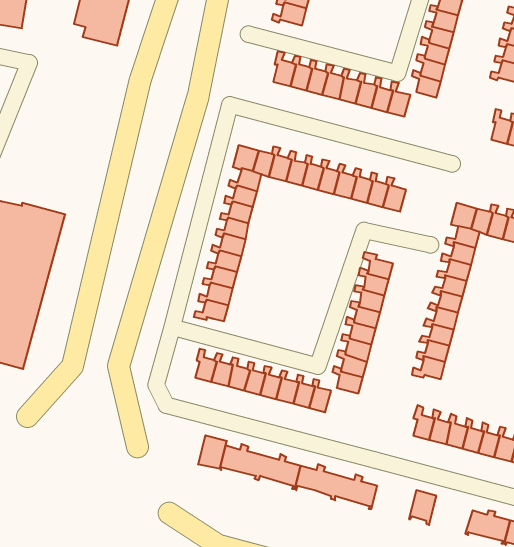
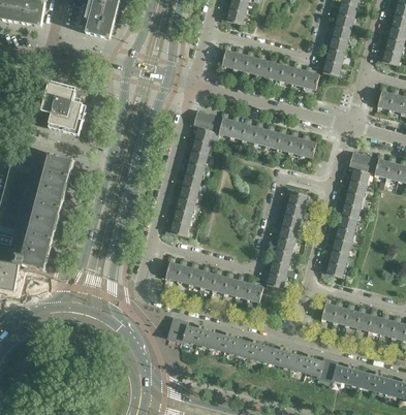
building: none -> [39,81,87,136]
building: none -> [292,353,323,378]
building: none -> [334,364,365,388]

